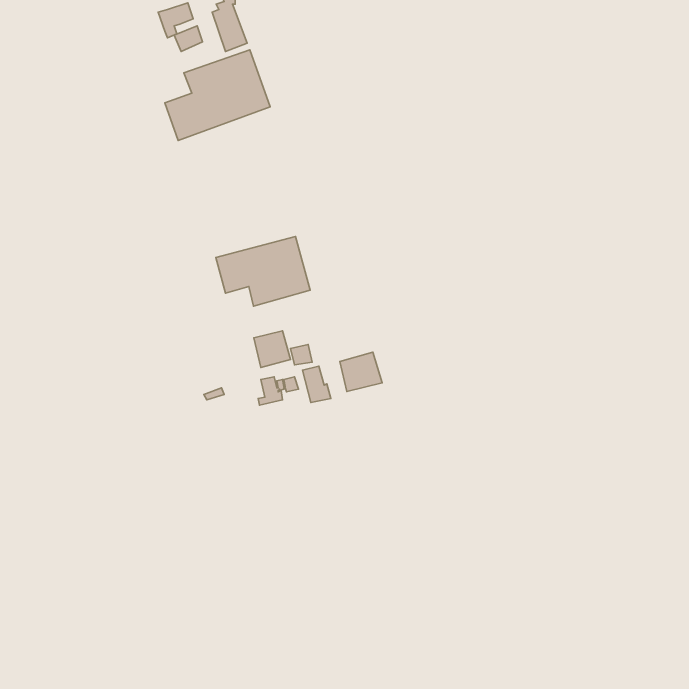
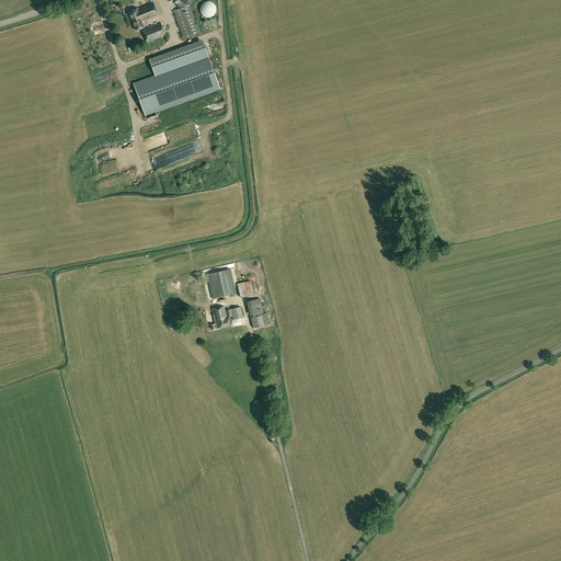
building: [216,237,310,306] -> none
building: [340,352,382,391] -> none

